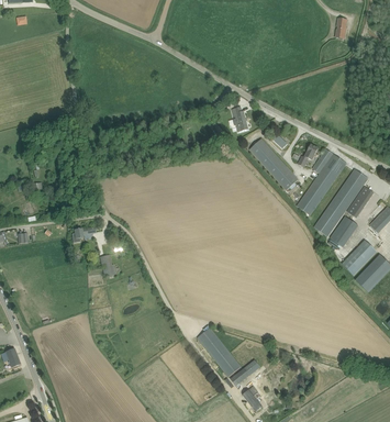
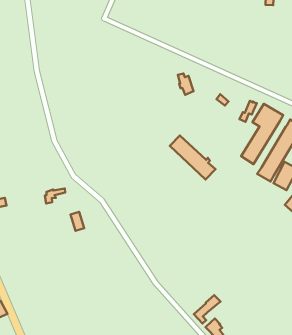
building: [249,138,299,190] -> [170,135,215,180]
building: [198,327,242,376] -> none

